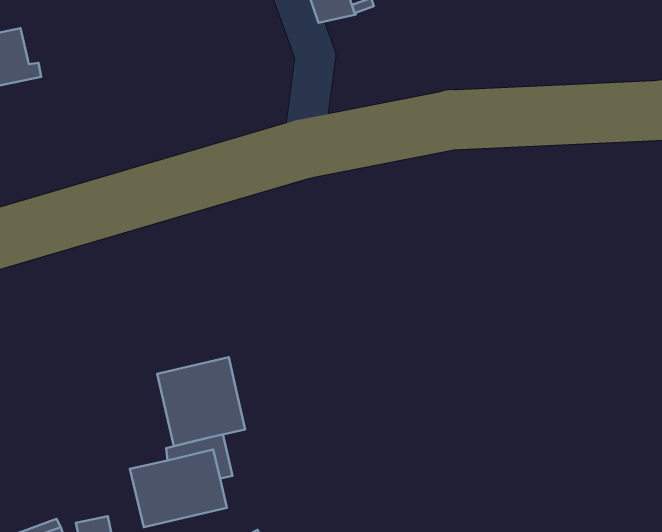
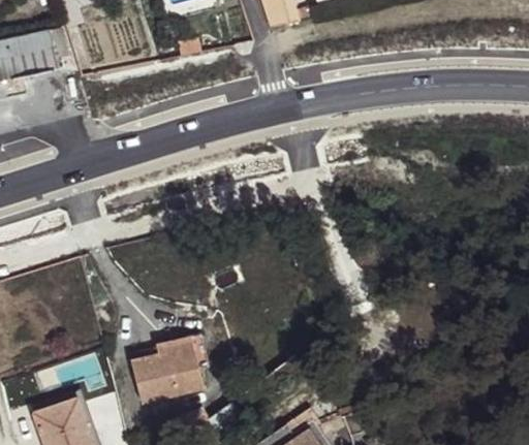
building: [157,357,245,446] -> none

